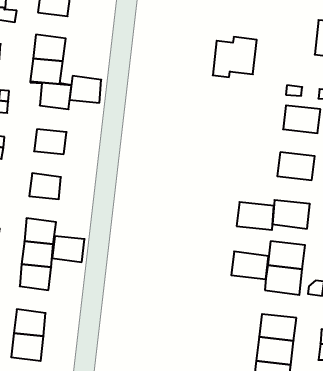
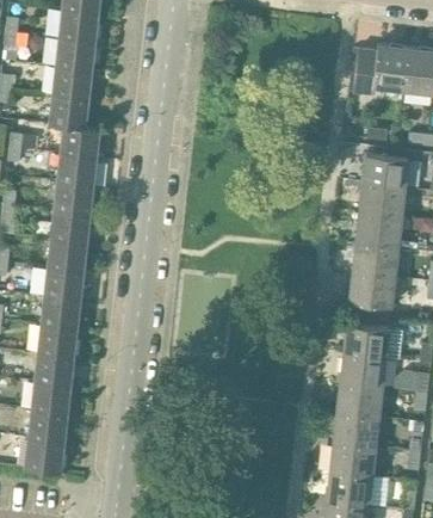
building: none -> [55,38,94,70]
building: [213,37,257,77] -> [352,44,407,94]
building: [70,76,101,103] -> [56,154,95,187]
building: none -> [359,184,406,217]
building: none -> [50,211,89,243]
building: [237,202,274,230] -> [352,242,398,277]
building: [52,236,85,262] -> [43,267,83,300]
building: [231,251,269,279] -> [336,384,383,419]
building: none -> [31,380,70,413]

